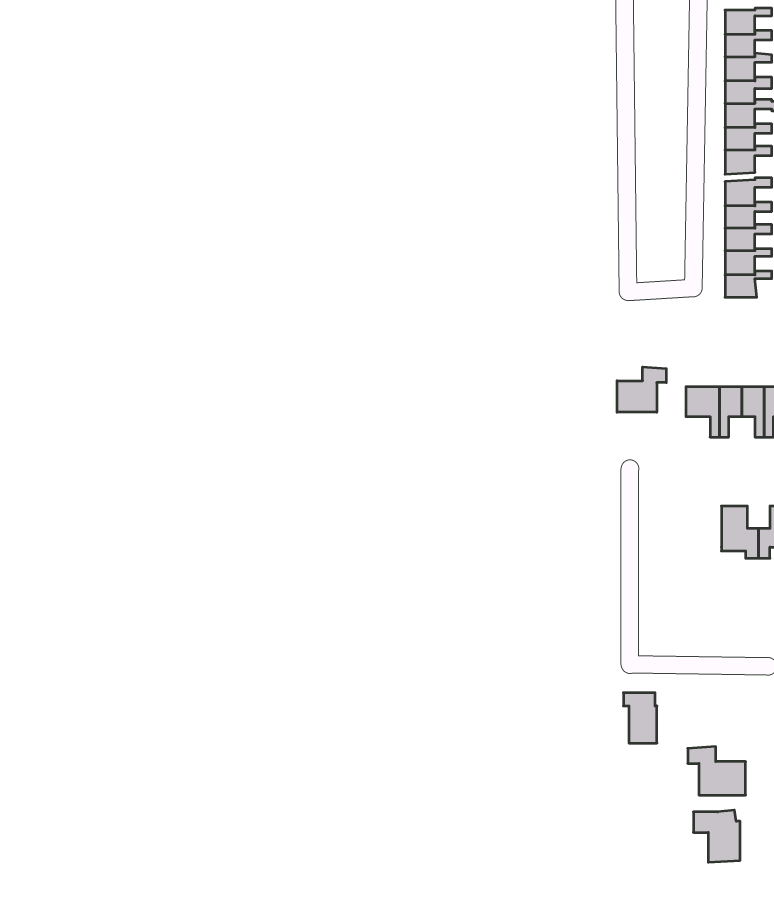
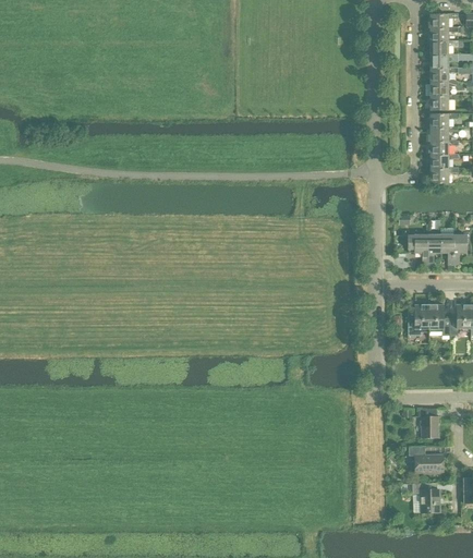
building: [617,367,666,412] -> none
building: none -> [408,304,428,335]
building: [623,693,657,743] -> [419,408,438,437]

